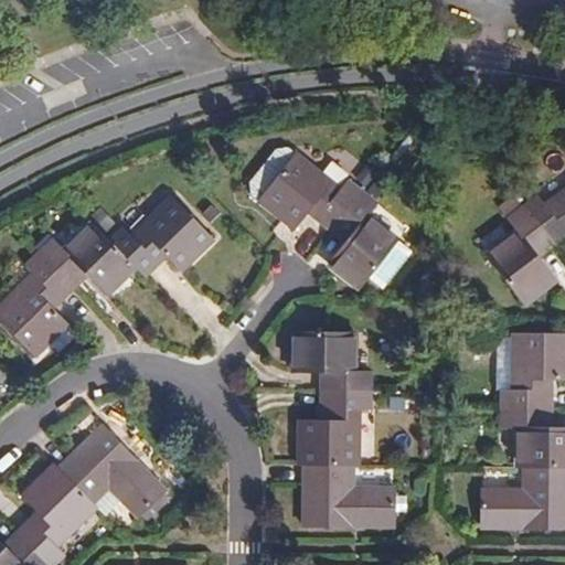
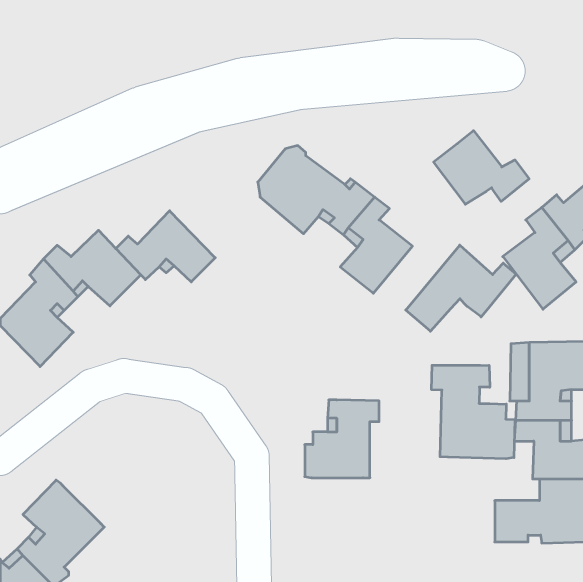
building: none -> [434,131,529,204]
building: none -> [406,245,516,331]
building: [294,328,367,390] -> none
building: none -> [432,365,515,459]
building: [61,427,169,521] -> none
building: [301,463,392,522] -> none

